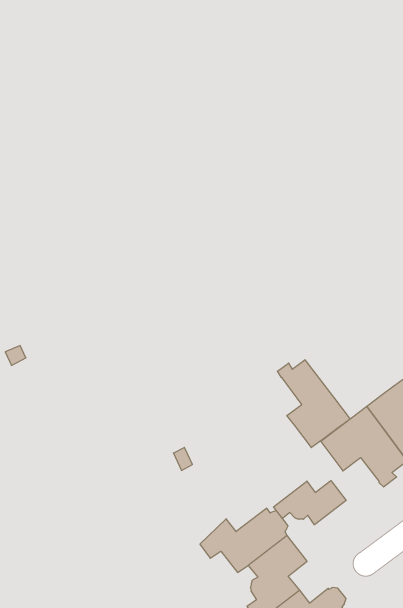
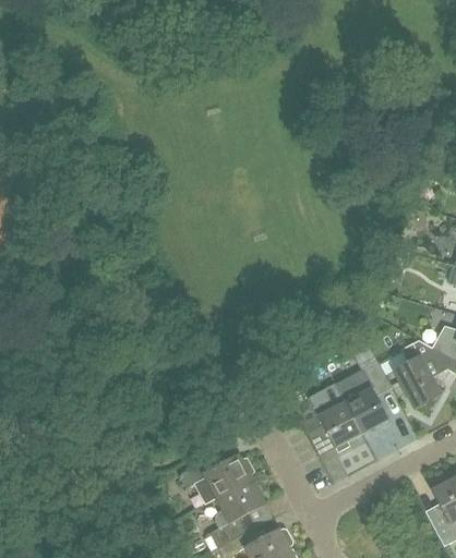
building: [277,360,350,448] -> none
building: [274,481,346,525] -> none

